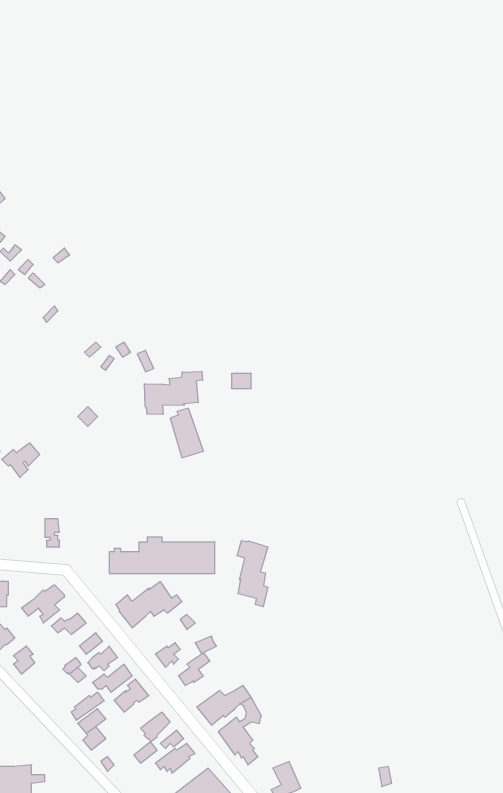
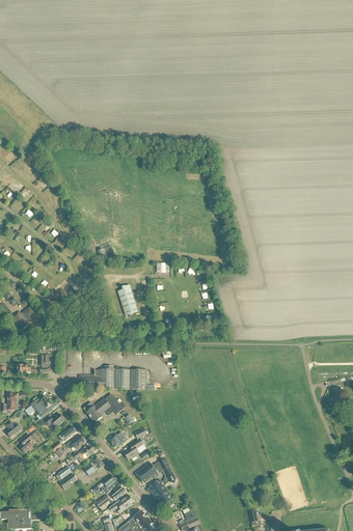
building: [144,371,202,414] -> none
building: [237,540,268,607] -> none

